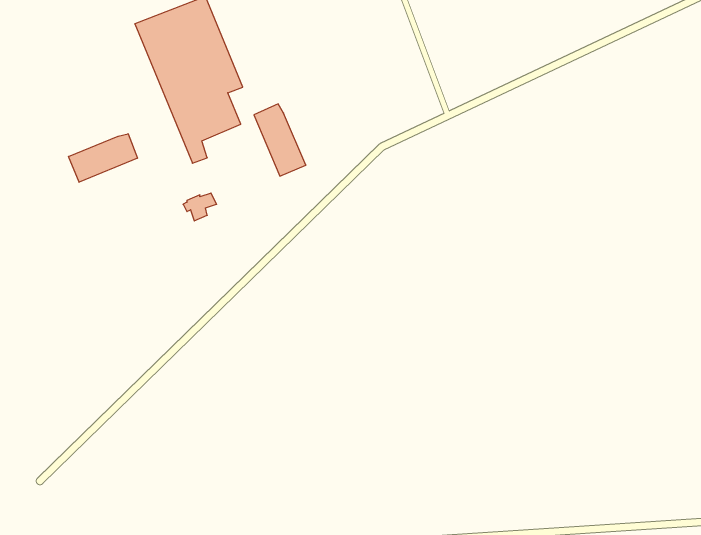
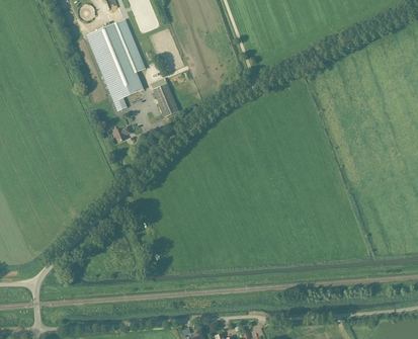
building: [69,134,137,182] -> none

